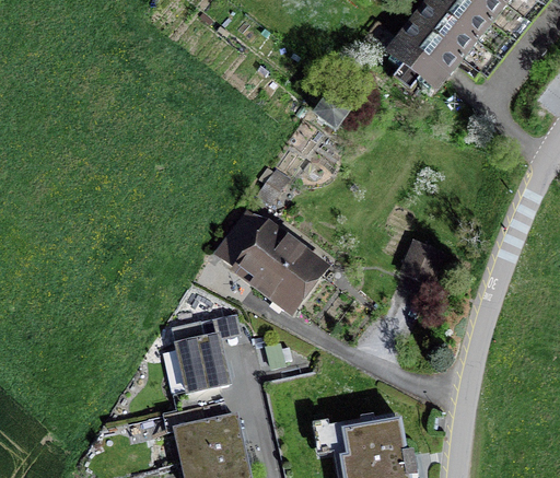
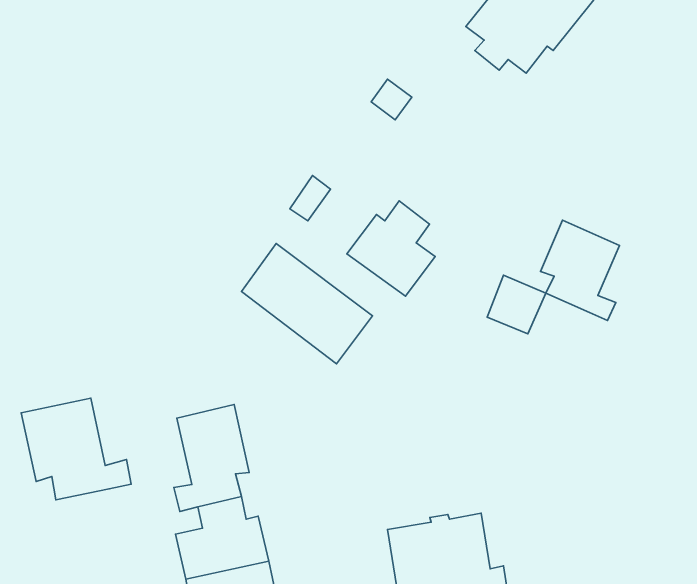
building: none -> [347,201,435,296]
building: none -> [540,220,620,321]
building: none -> [21,398,131,500]

